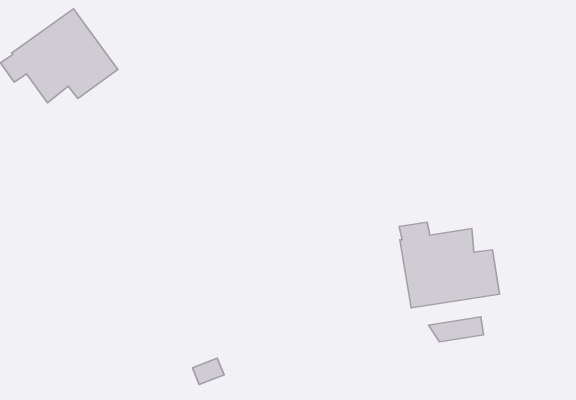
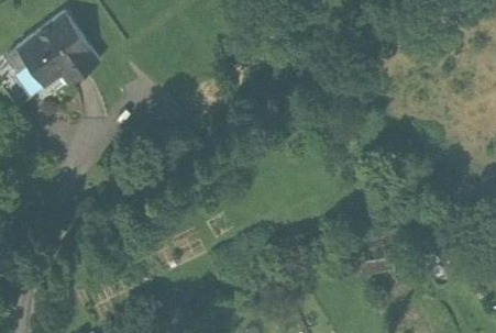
building: [399,222,499,308] -> none

